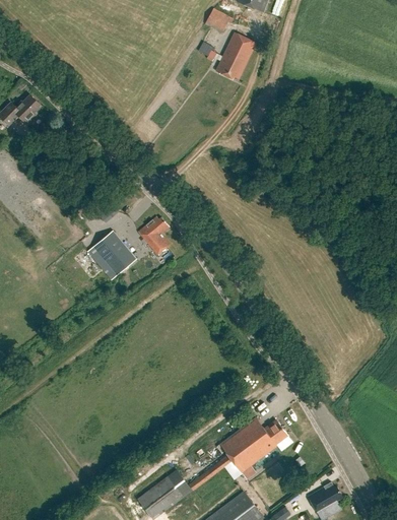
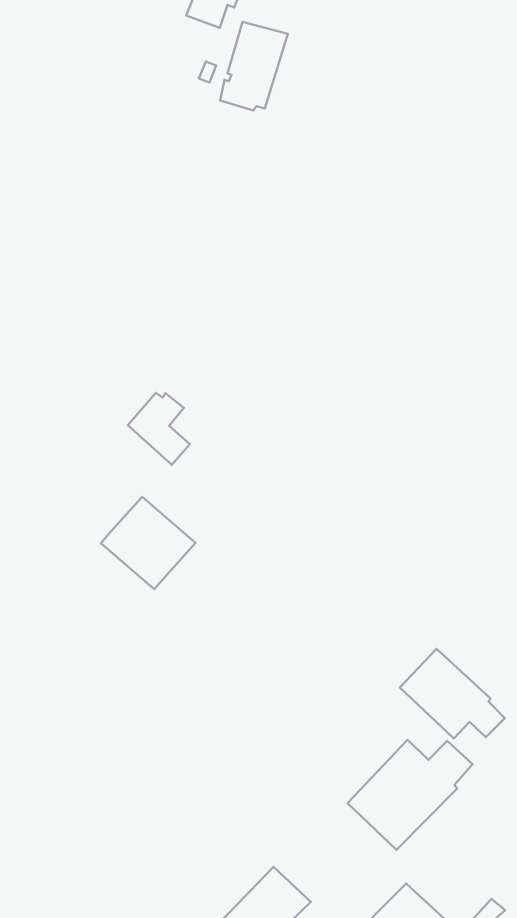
building: [87,231,136,279] -> [101,497,195,589]
building: none -> [400,649,505,738]

